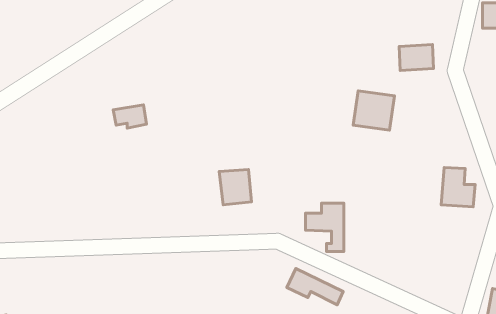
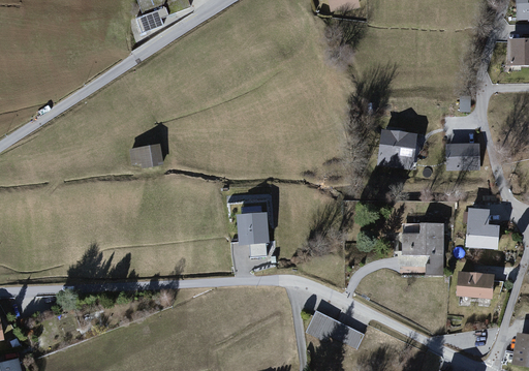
building: [399,44,434,71] -> [445,142,480,168]
building: [305,203,344,251] -> [403,223,442,273]
building: none -> [458,271,494,298]

